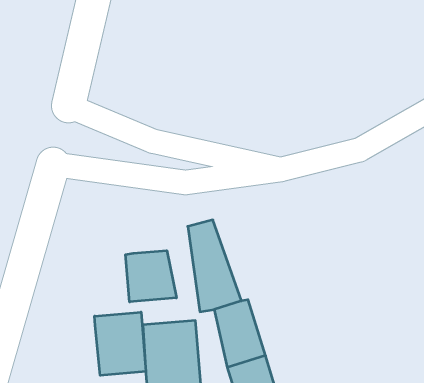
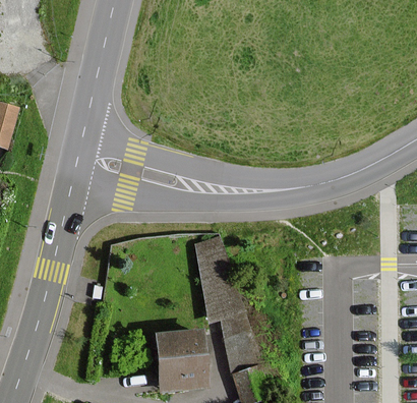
building: [126,251,176,302] -> none
building: [95,312,146,375] -> none

